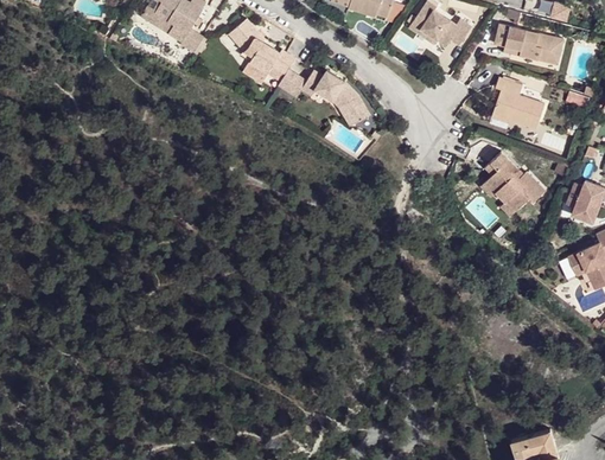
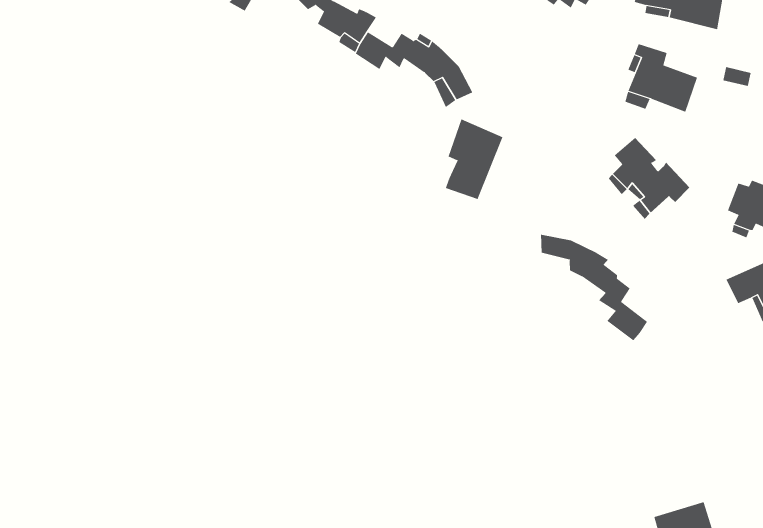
building: none -> [445,119,503,200]
building: none -> [540,234,648,342]

